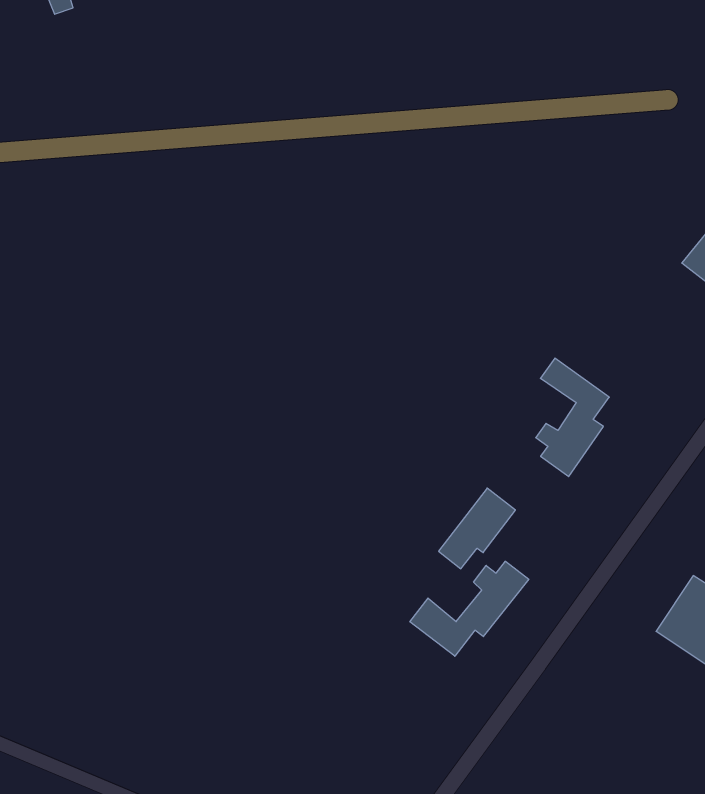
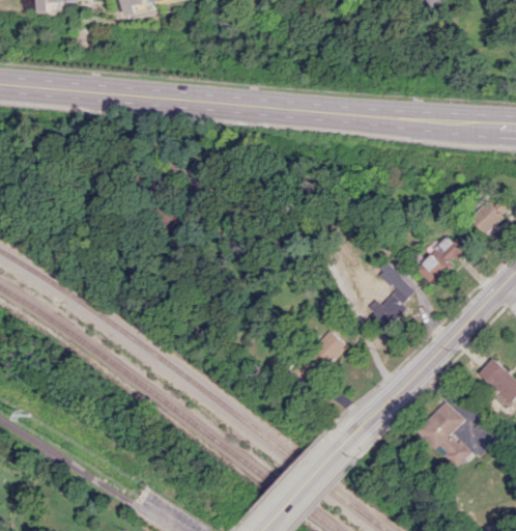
building: none -> [413,234,470,285]
building: [410,561,529,656] -> none

